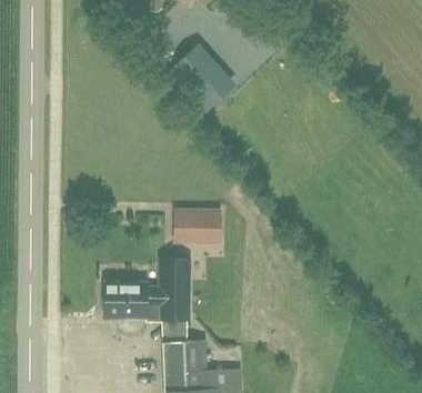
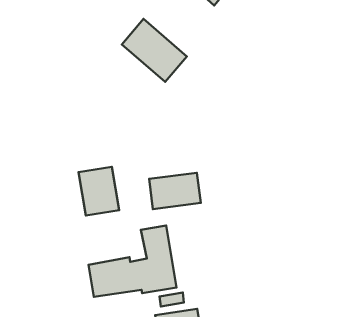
building: none -> [79,167,119,216]

